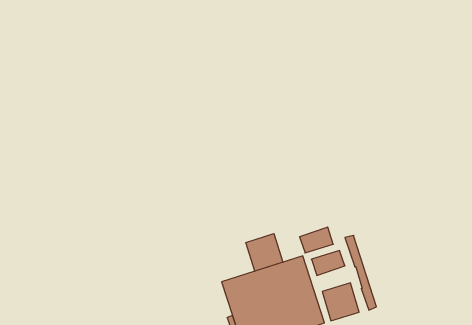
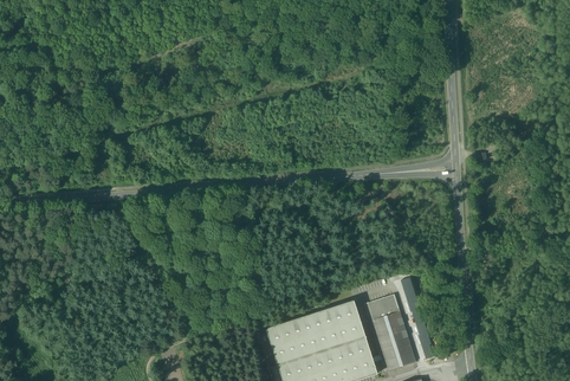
building: [300,227,333,253] -> [369,311,406,340]
building: [246,234,283,271] -> none

